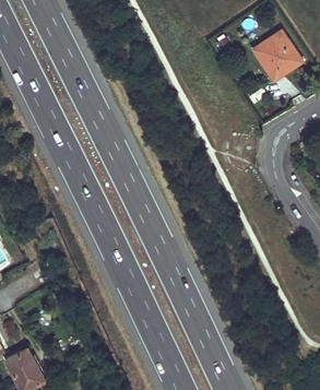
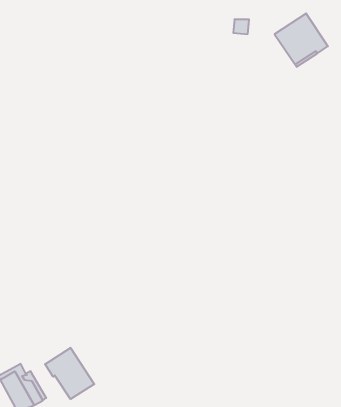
building: none -> [45,348,94,399]

